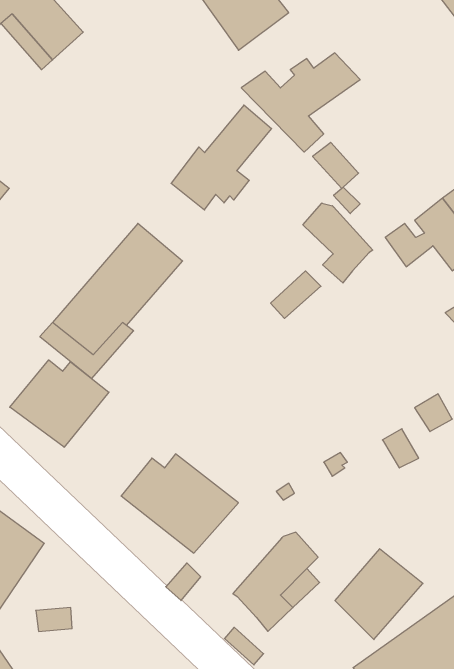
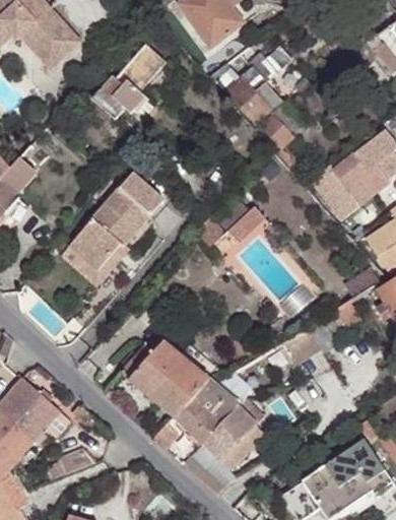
building: [171,105,272,210] -> [90,39,163,115]
building: [303,203,373,283] -> none
building: [10,360,109,447] -> none
building: [335,549,423,640] -> [173,376,237,442]

